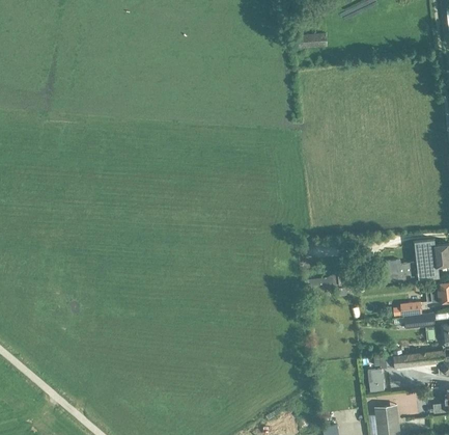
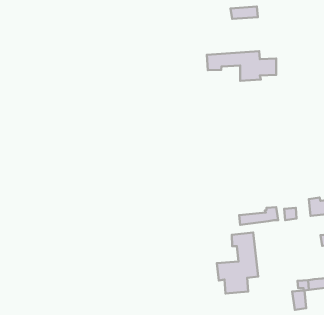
building: none -> [207,51,276,81]
building: none -> [217,232,258,293]

